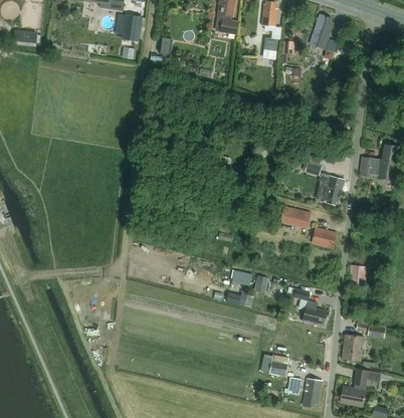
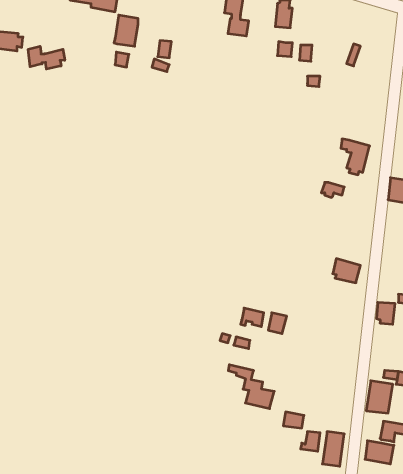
building: [309,14,333,47] -> none
building: none -> [28,46,65,69]
building: [319,173,344,204] -> [341,139,370,175]
building: [280,205,311,227] -> none
building: [286,286,327,325] -> [228,365,274,409]

